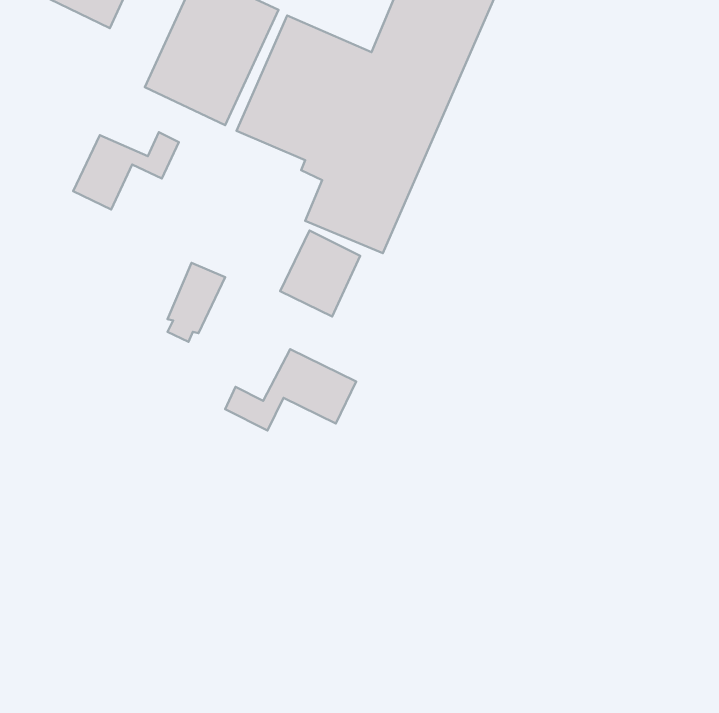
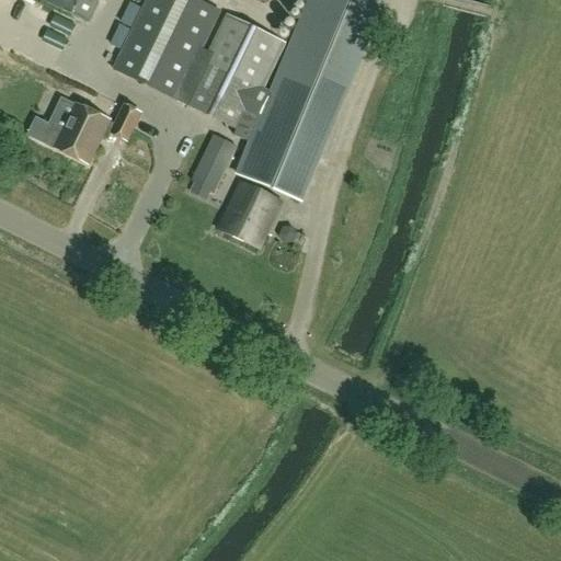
building: none -> [31,91,79,138]
building: [168,263,225,342] -> [192,134,237,195]
building: [225,349,356,430] -> none

